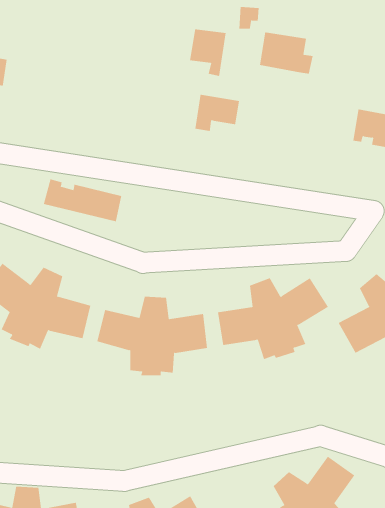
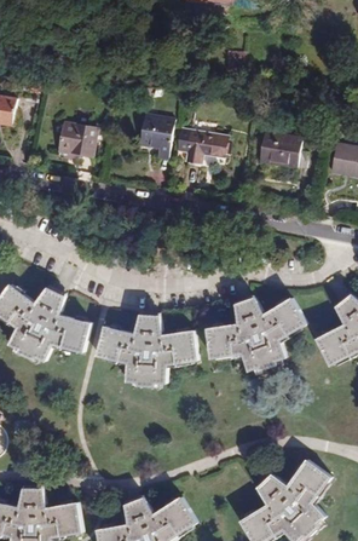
building: [189,29,226,77] -> [138,115,172,159]
building: [259,32,314,74] -> [256,131,306,169]
building: none -> [57,121,96,155]
building: [43,179,122,222] -> none

